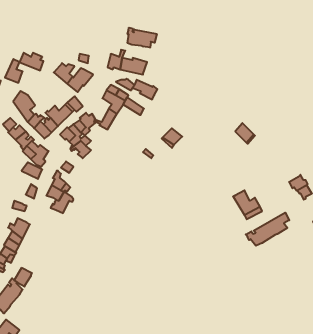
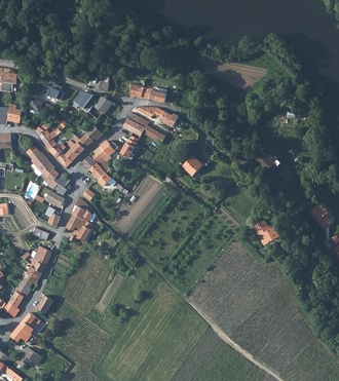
building: [128,28,157,48] -> none
building: [246,213,289,246] -> none

